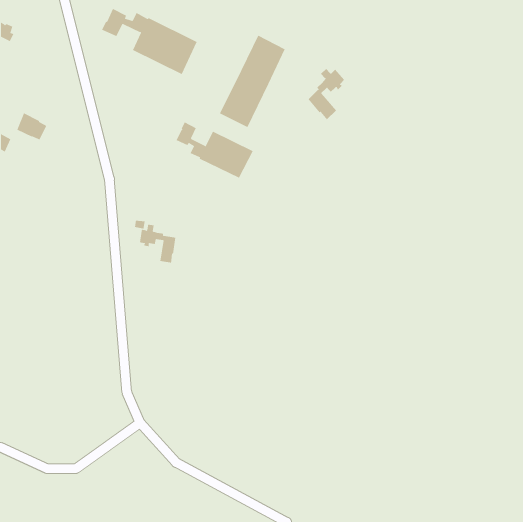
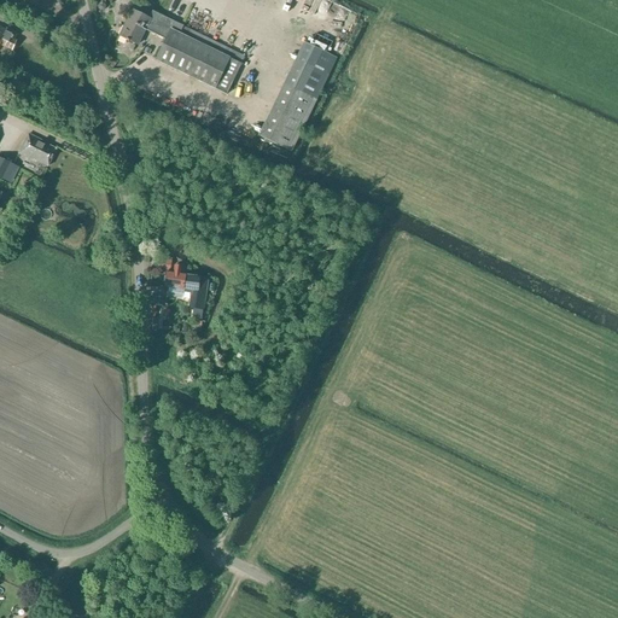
building: [308,68,345,120] -> none
building: [176,122,253,178] -> none

